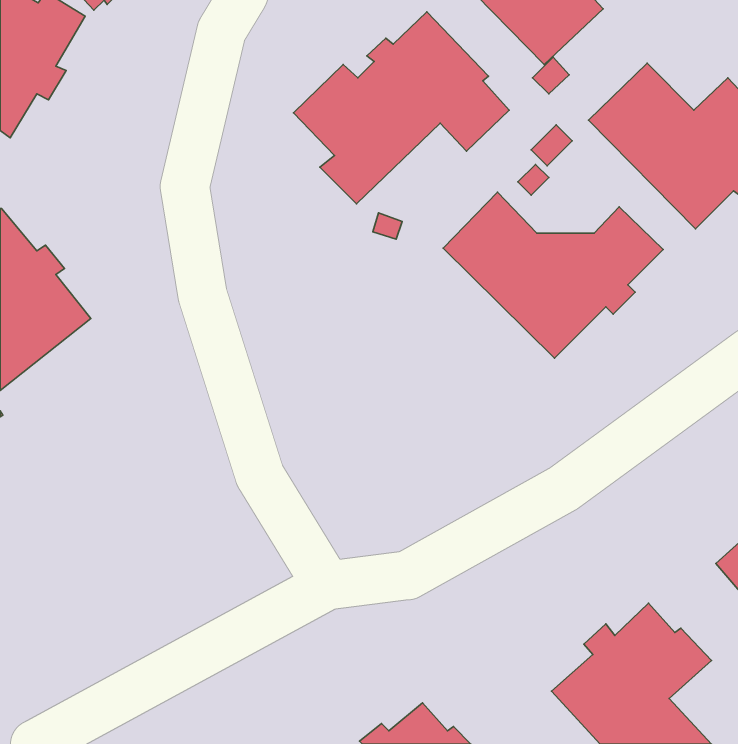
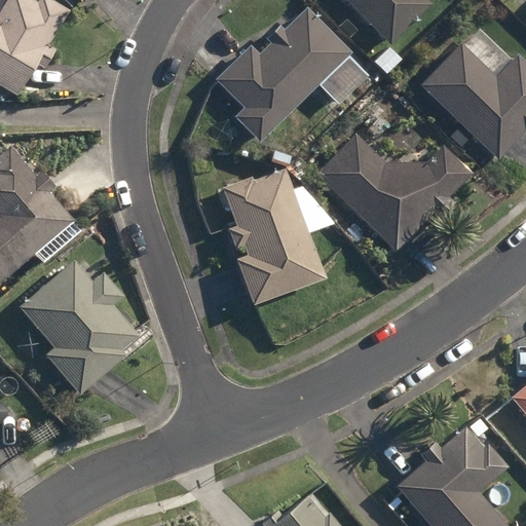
building: none -> [222,170,325,307]
building: none -> [18,260,137,396]

